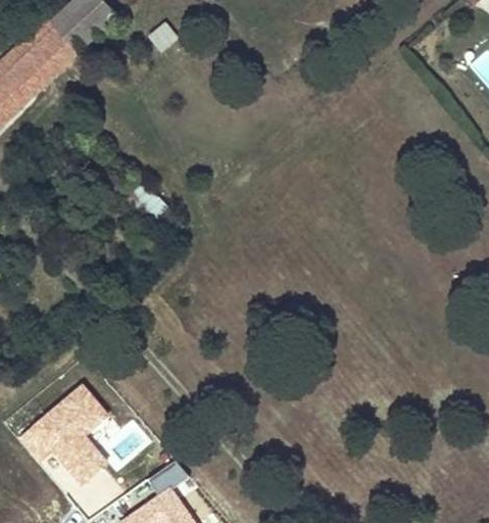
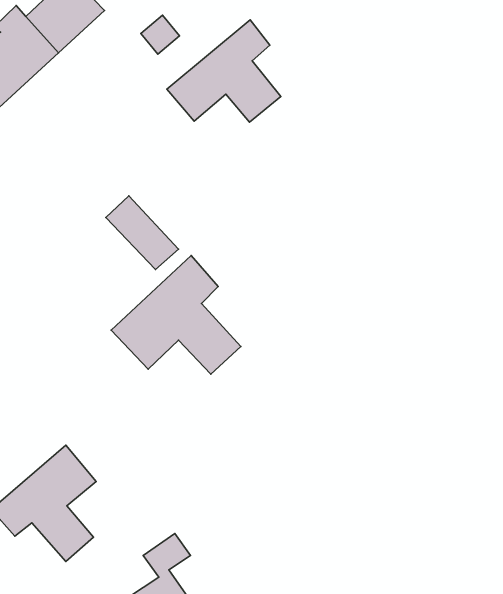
building: none -> [167,20,281,122]
building: none -> [111,256,241,374]

